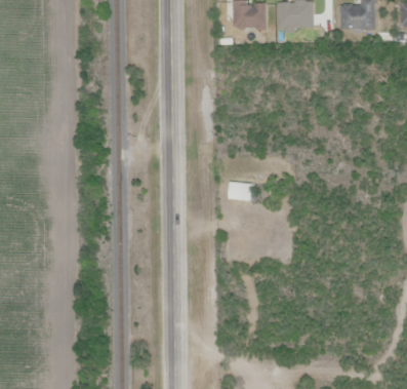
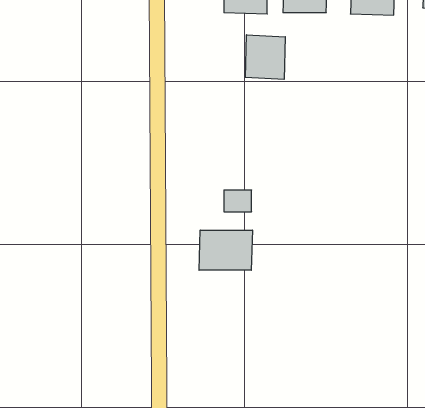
building: none -> [245,35,285,79]
building: none -> [199,230,252,270]

